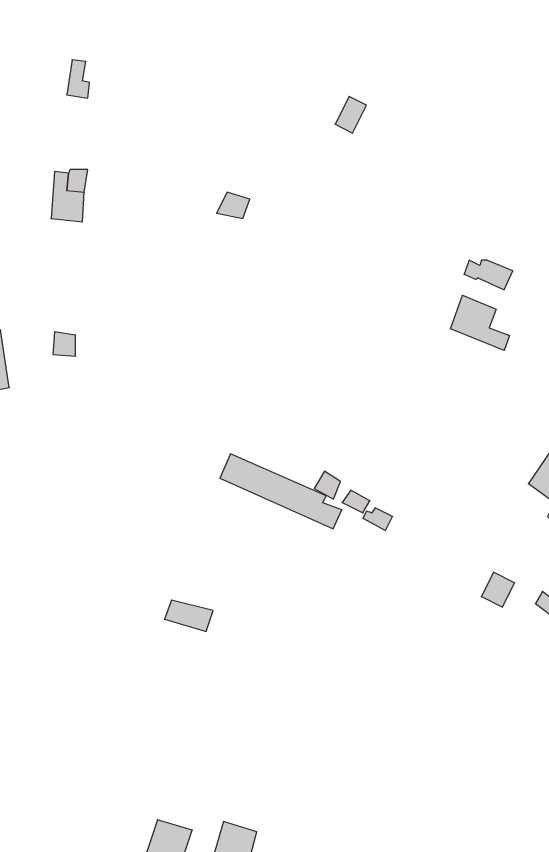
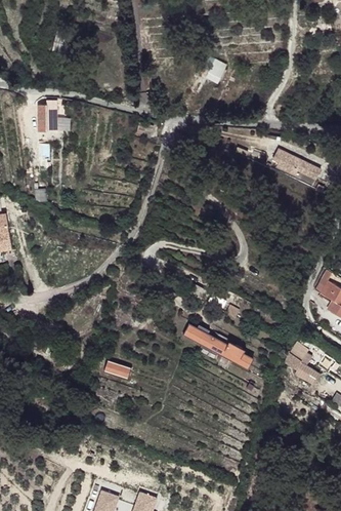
building: [451,295,509,350] -> none
building: [220,454,342,529] -> [180,322,252,366]

